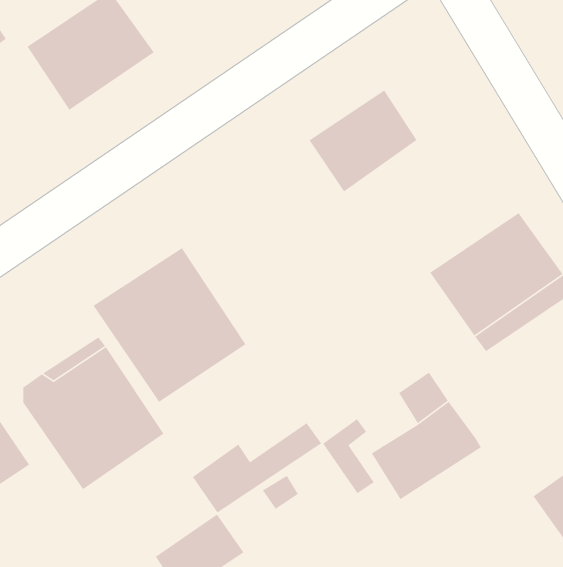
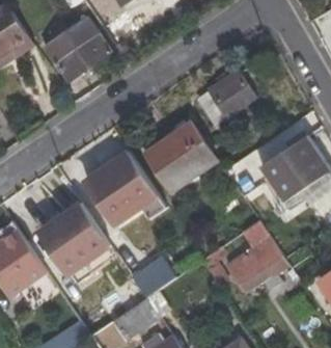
building: none -> [144,122,216,189]

